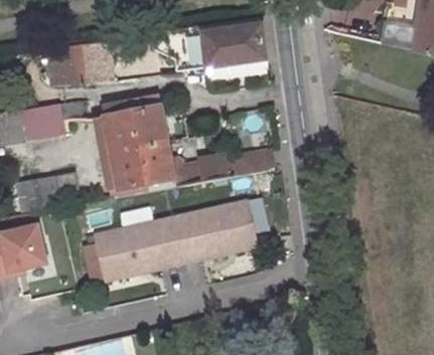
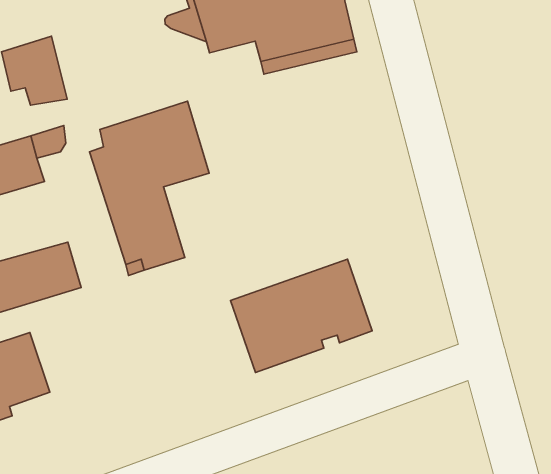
building: [80,38,115,83] -> none
building: [138,139,274,189] -> none
building: [95,219,181,283] -> none

